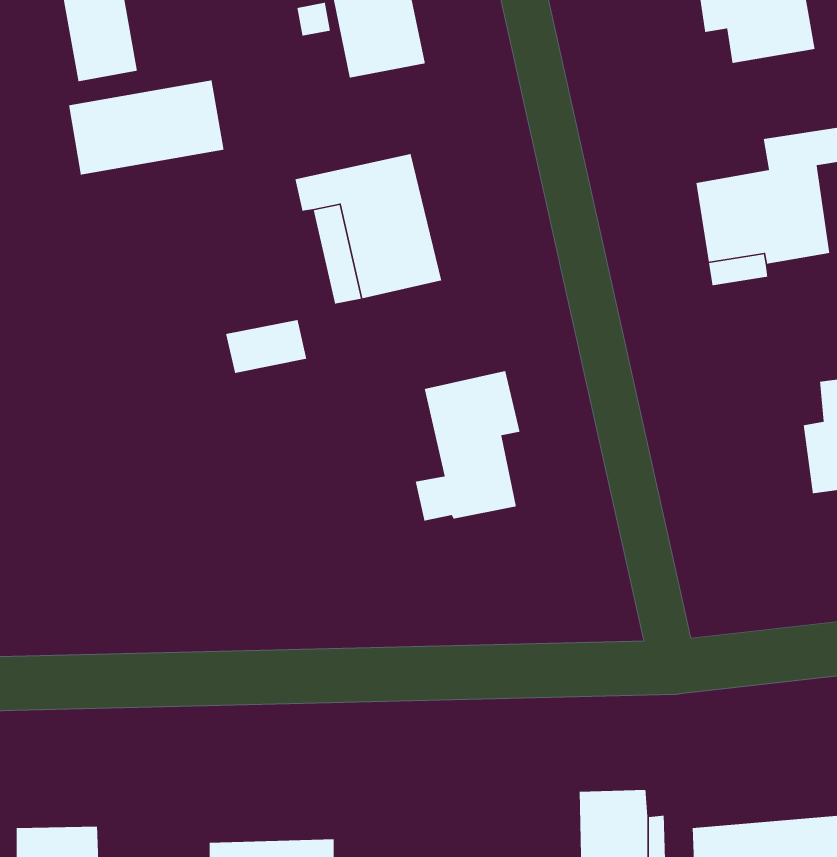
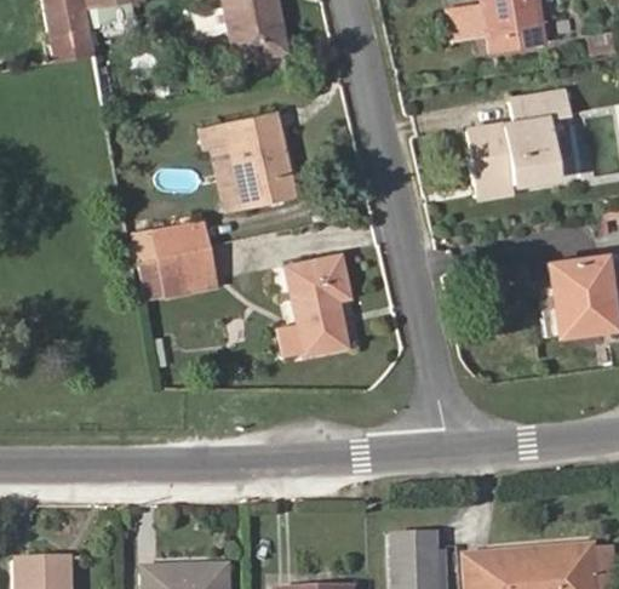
building: [68,79,224,176] -> none
building: none -> [141,247,216,298]

